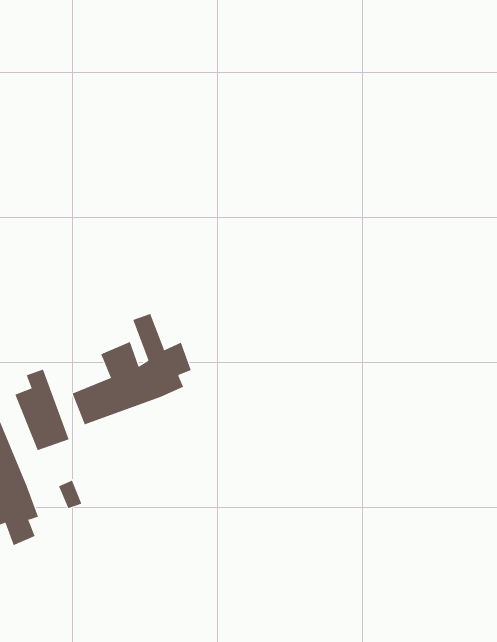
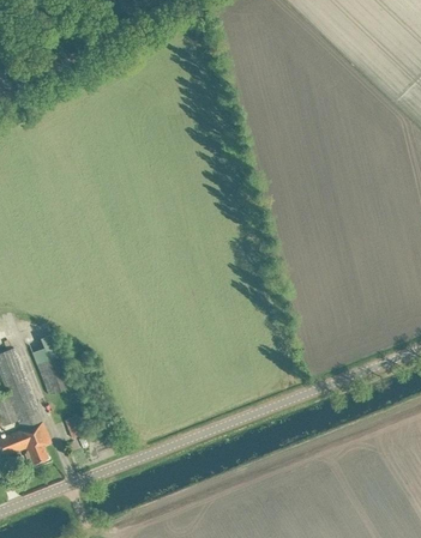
building: [72,313,192,425] -> none

